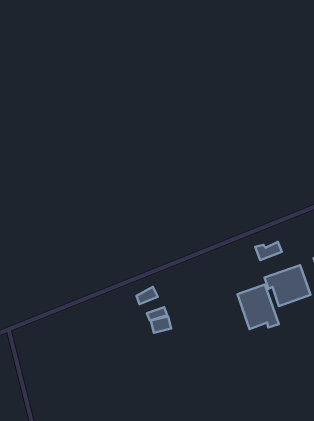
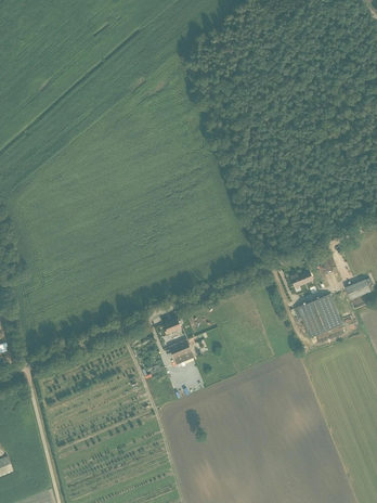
building: [238,285,279,329] -> none

